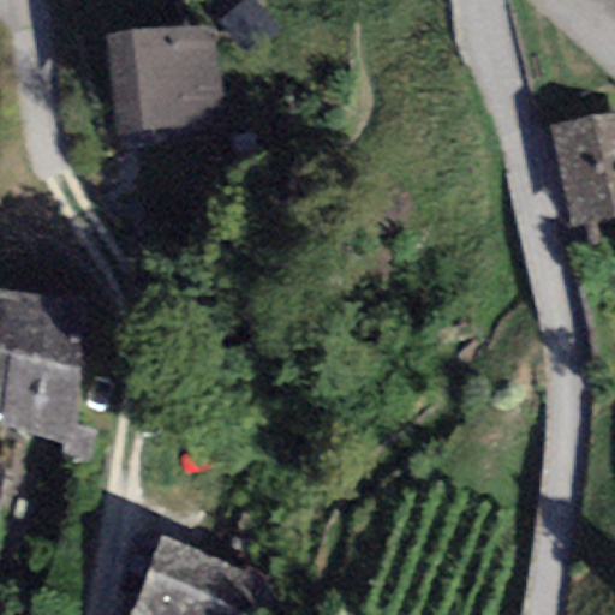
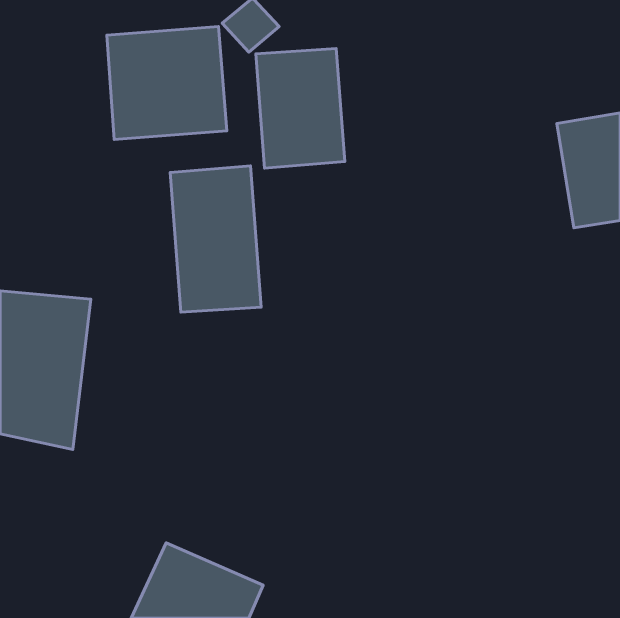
building: none -> [256,48,345,168]
building: none -> [170,166,261,312]

